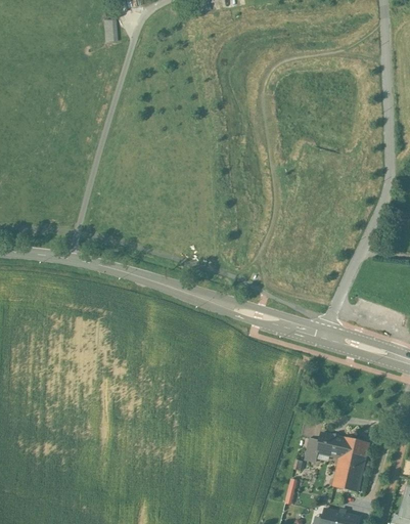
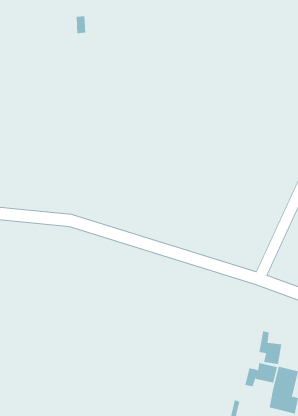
building: none -> [259,331,282,366]

